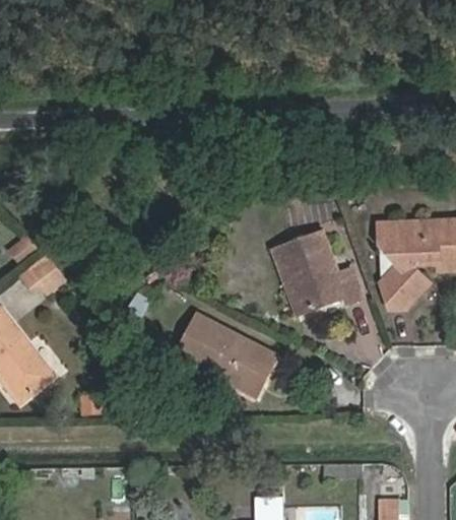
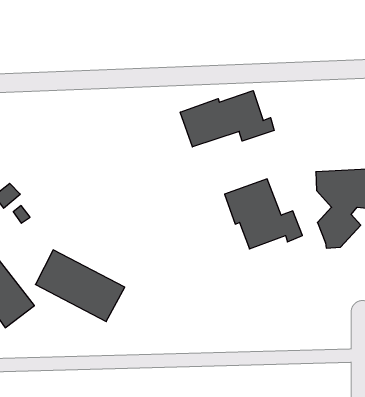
building: none -> [180,91,274,147]
building: [175,314,277,396] -> [35,250,125,322]

